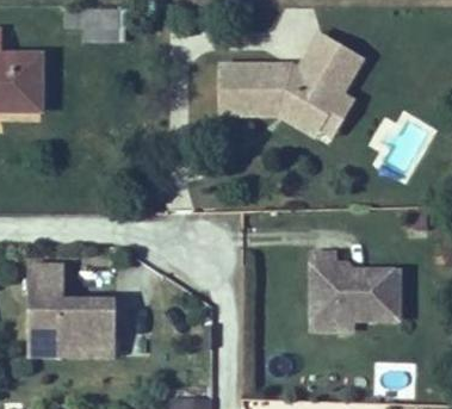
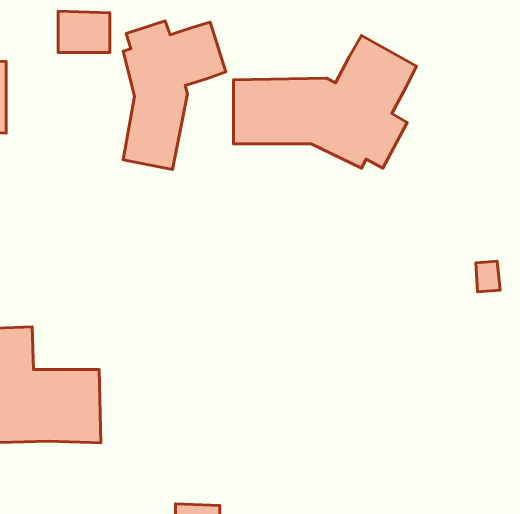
building: none -> [123,21,226,170]
building: [308,252,396,328] -> none

